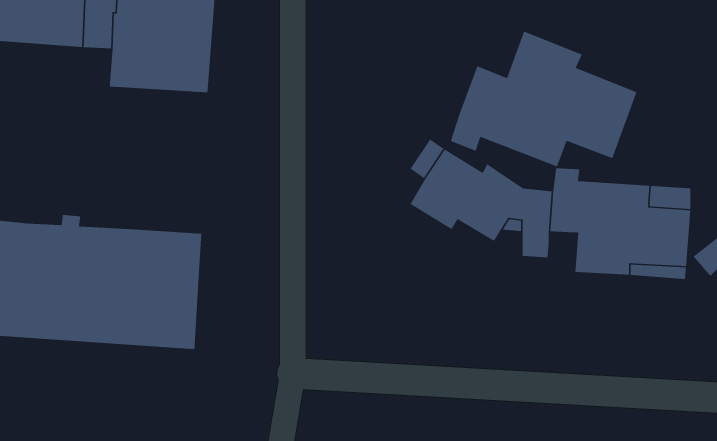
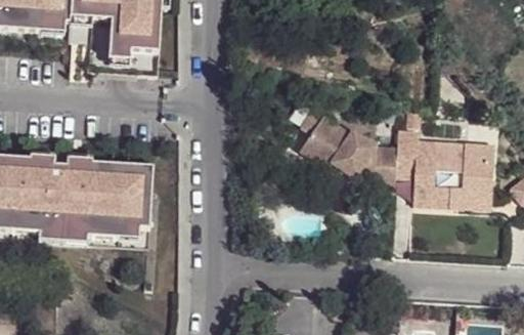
building: [450,31,638,168] -> none

